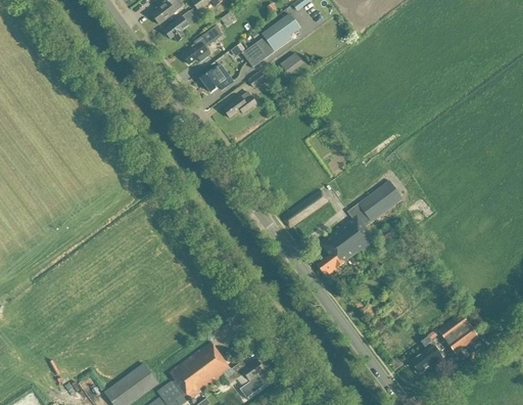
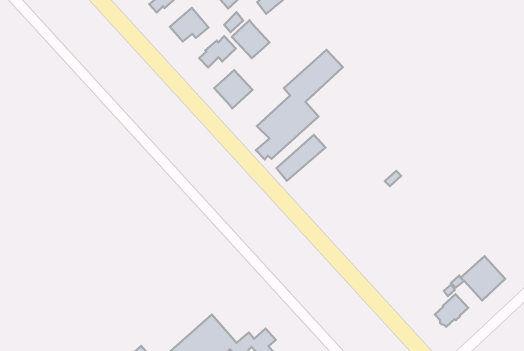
building: none -> [232,20,270,58]
building: none -> [214,70,252,109]
building: [316,180,401,273] -> [256,50,343,159]

